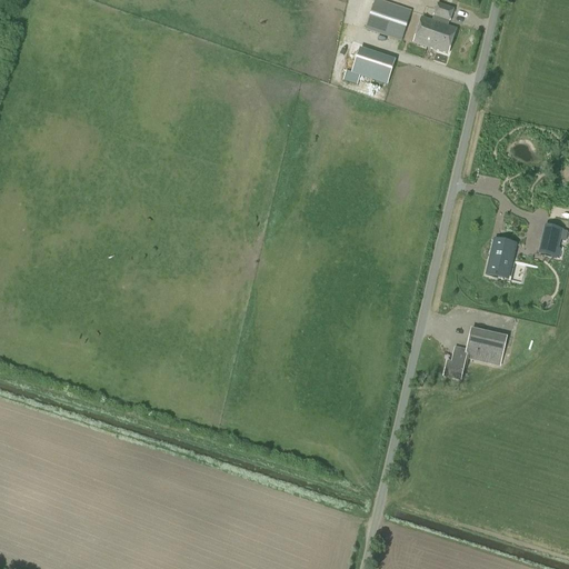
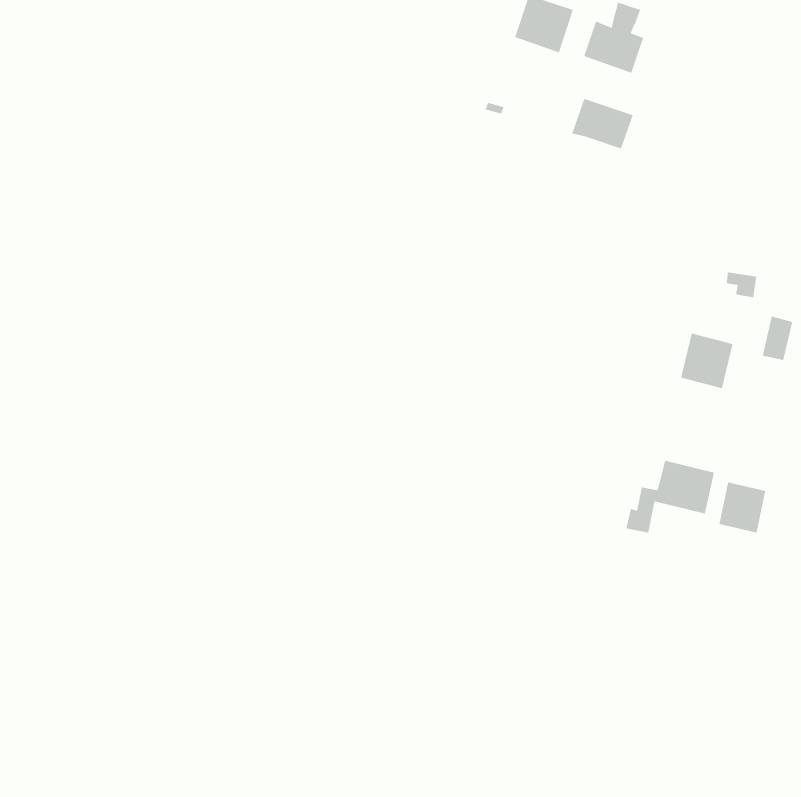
building: [351,46,396,82] -> [571,98,634,149]
building: none -> [718,482,766,533]

